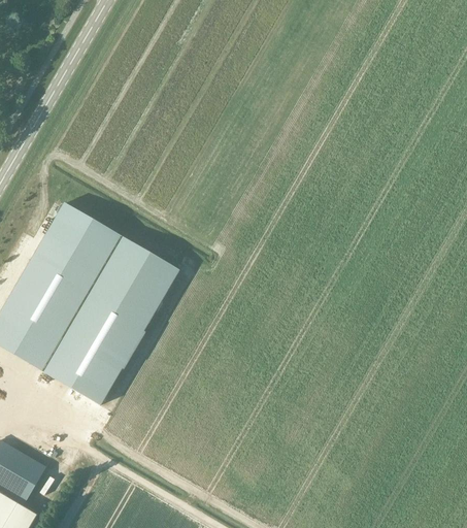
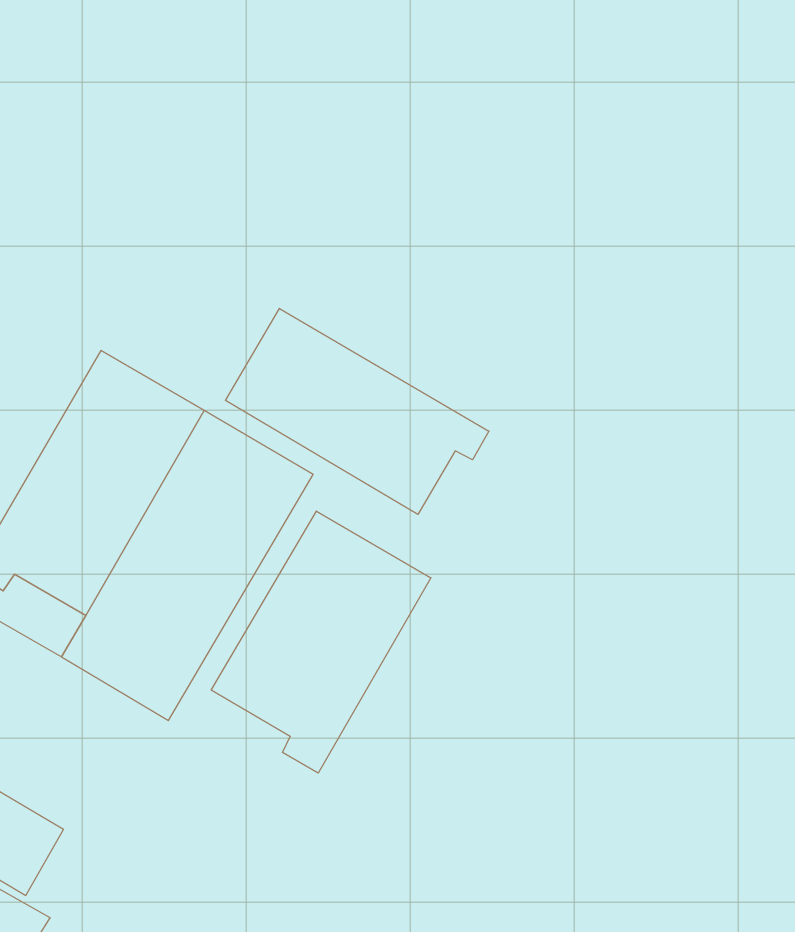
building: none -> [225,308,489,514]
building: none -> [211,511,431,773]

